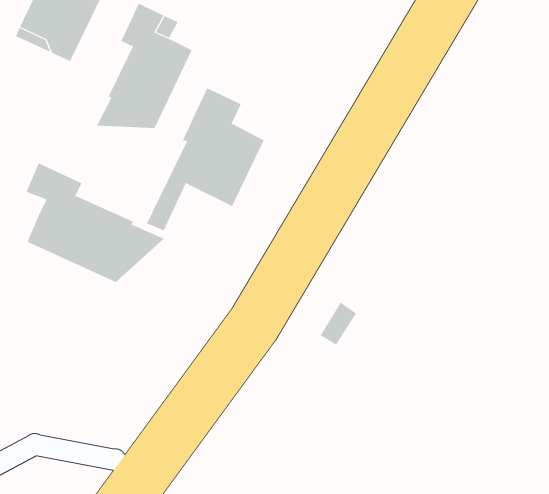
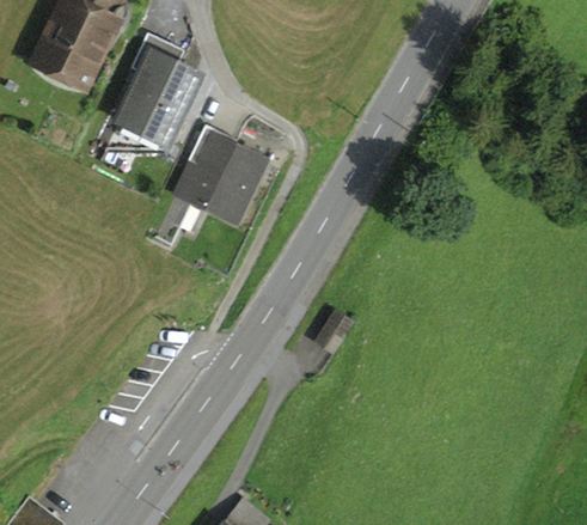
building: [26,163,165,283] -> none

